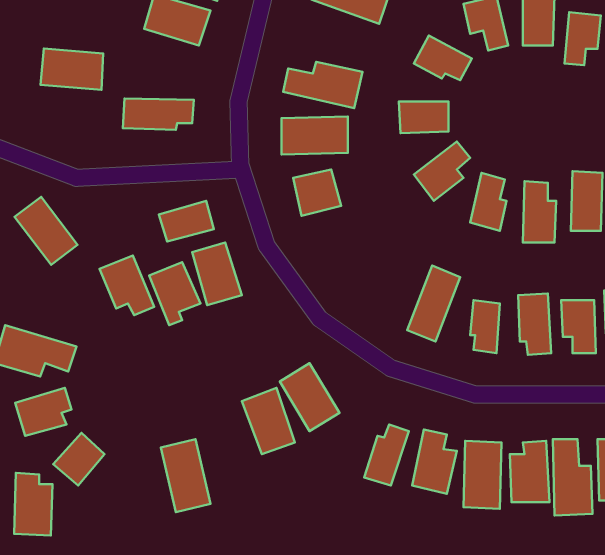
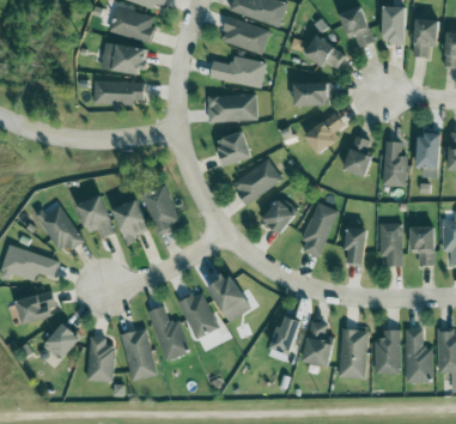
building: none -> [220,16,270,54]
building: [40,48,103,90] -> [102,43,147,73]
building: [15,197,78,265] -> [39,205,85,254]
building: [159,201,214,241] -> none
building: none -> [232,158,282,204]
building: none -> [262,196,299,235]
building: none -> [150,307,188,361]
building: [14,473,52,536] -> [87,337,115,382]

